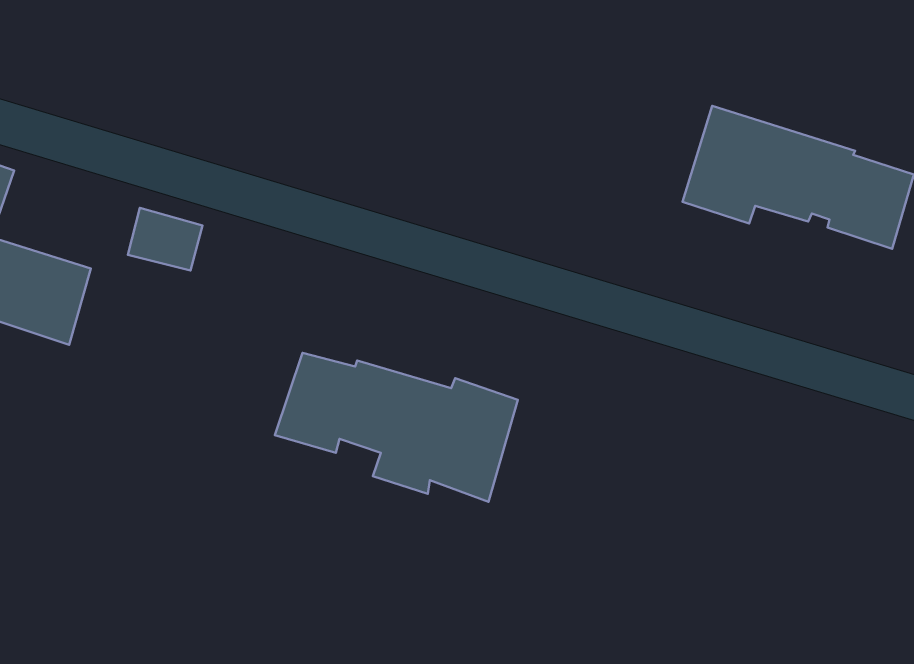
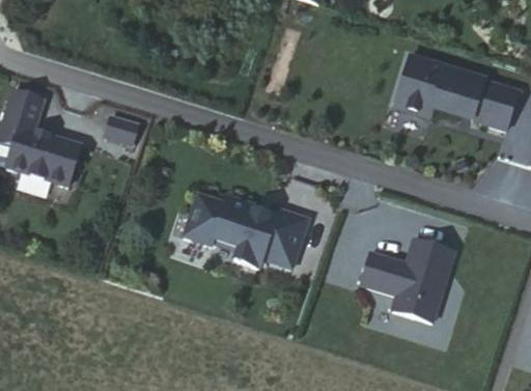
building: none -> [357,236,456,323]

